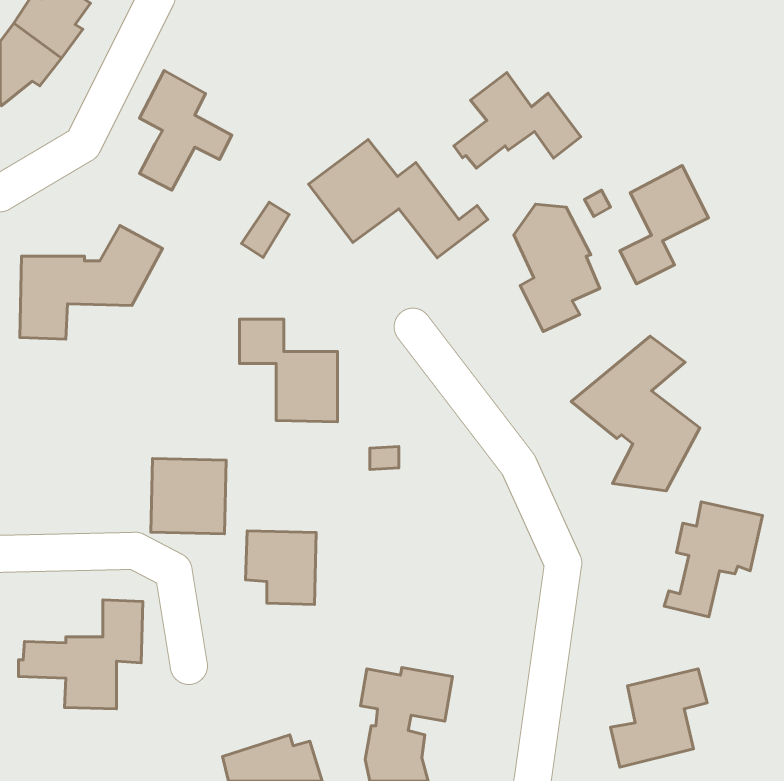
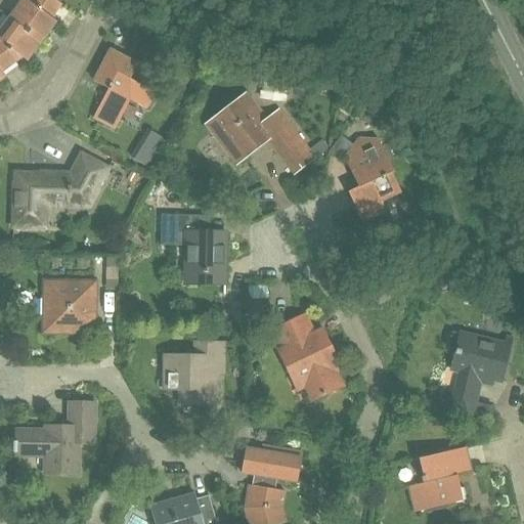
building: [454,73,581,168] -> none
building: [620,165,709,284] -> none
building: [242,202,289,257] -> [131,128,163,165]
building: [571,336,700,491] -> none
building: [151,459,226,534] -> [43,280,93,331]
building: none -> [274,313,341,399]

